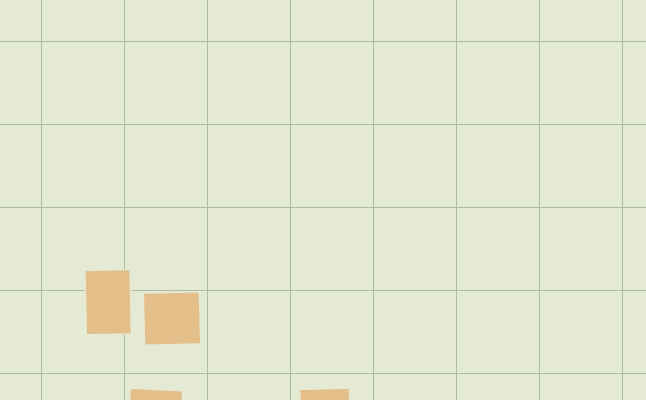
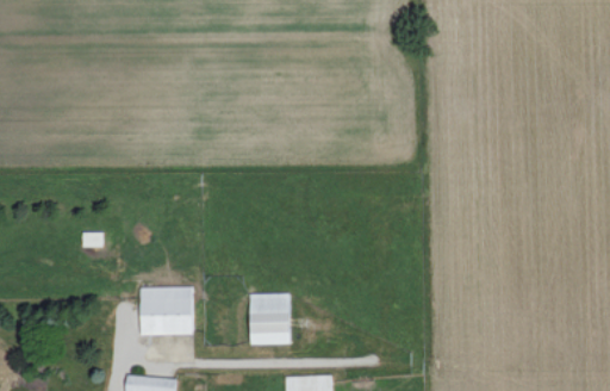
building: [85,270,131,335] -> none
building: none -> [249,293,290,343]

